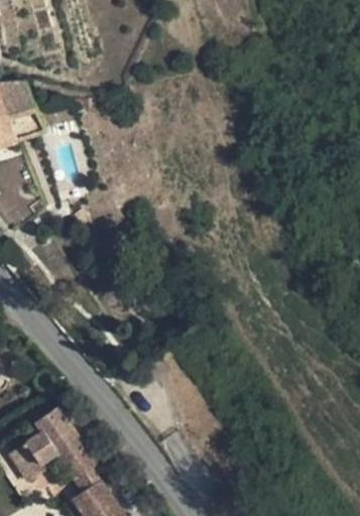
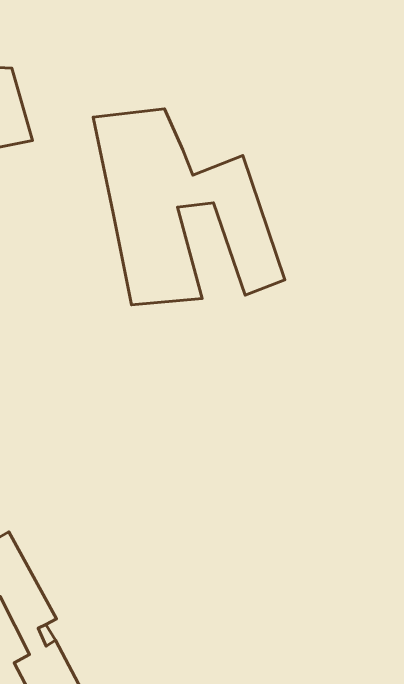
building: none -> [93,109,285,305]

